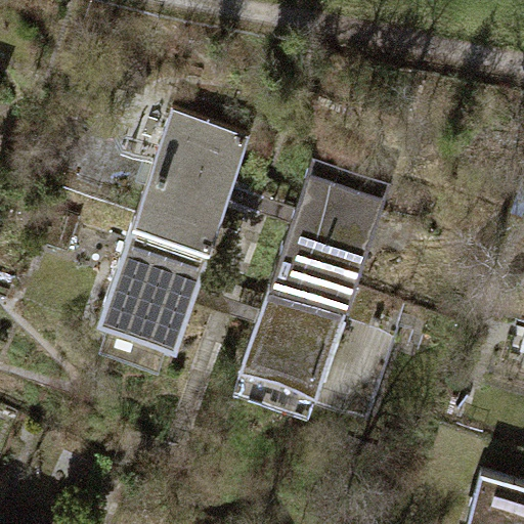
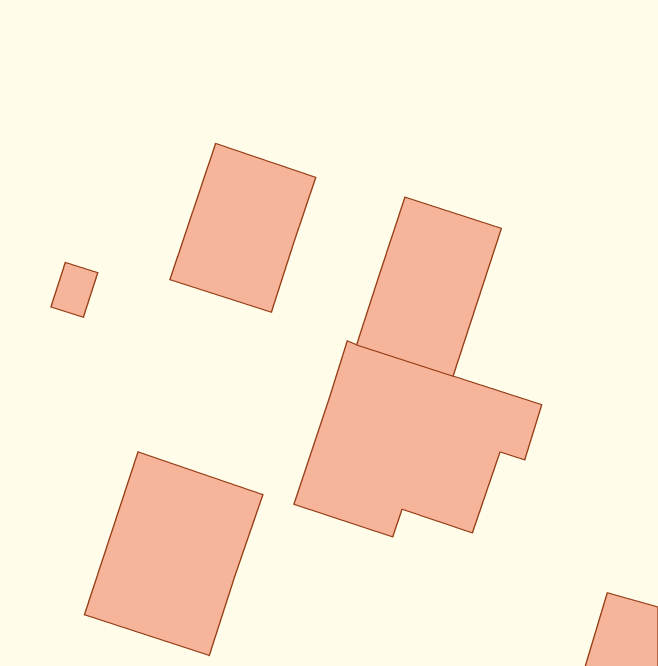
building: [98,220,213,352] -> none
building: none -> [85,452,263,656]

